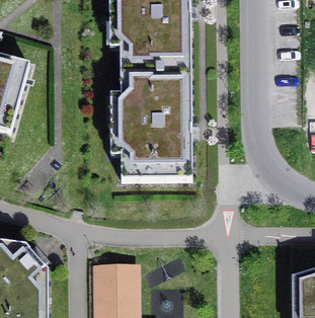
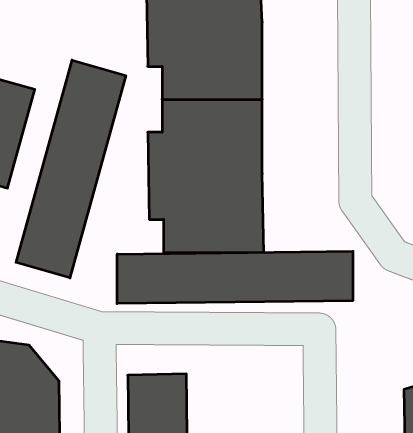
building: none -> [16,60,126,278]
building: none -> [117,251,353,304]

